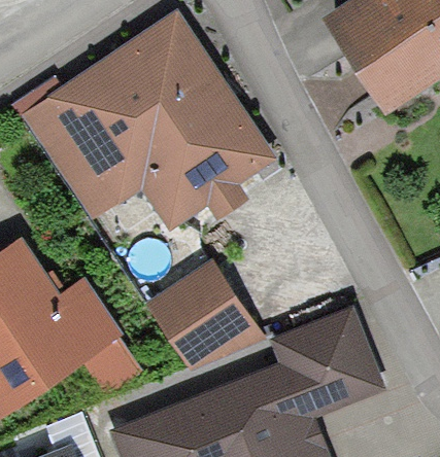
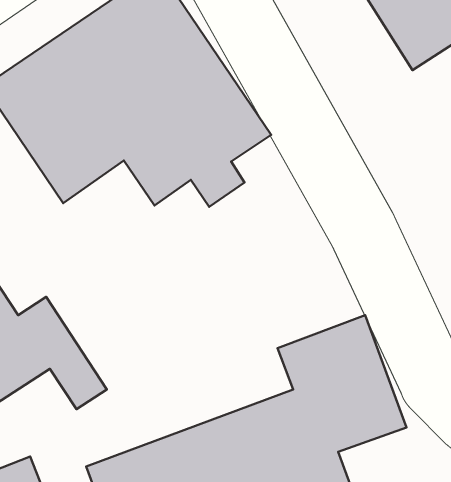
building: [144,257,257,371] -> none

